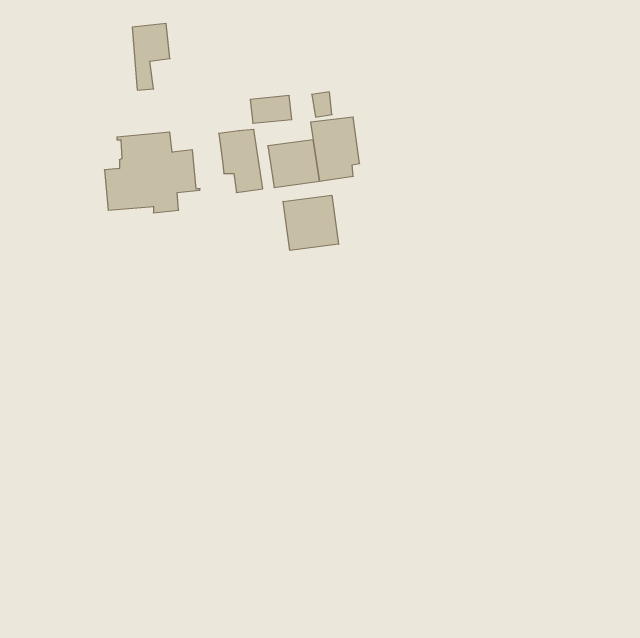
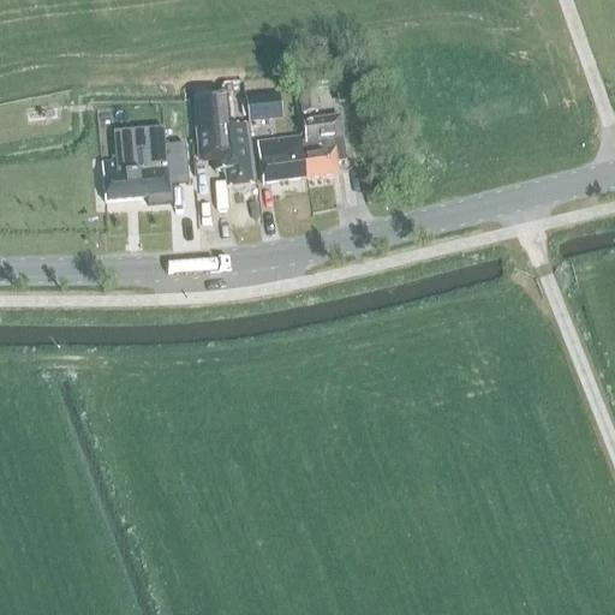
building: [132,23,170,90] -> [195,91,231,155]
building: [283,195,339,250] -> none

